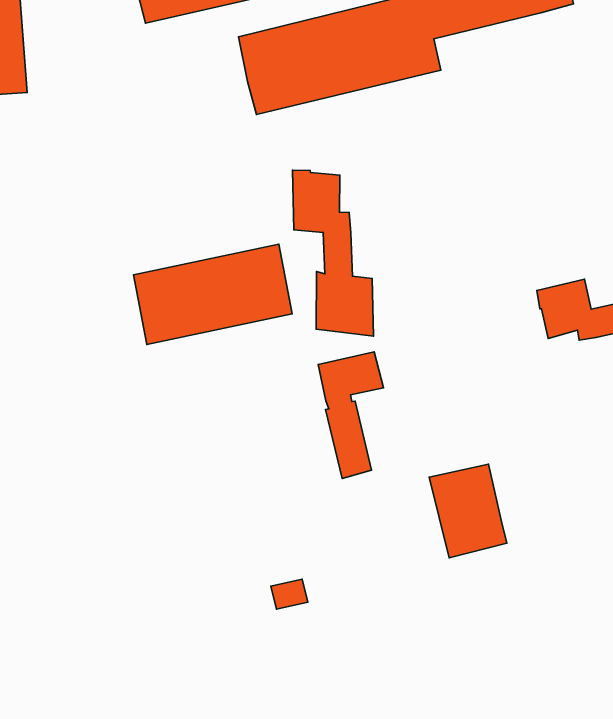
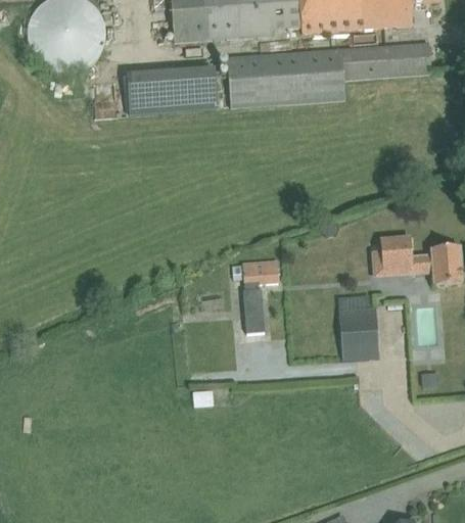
building: [292,170,374,336] -> none
building: [134,244,292,345] -> [128,64,219,111]
building: [429,464,507,558] -> [339,306,379,359]

